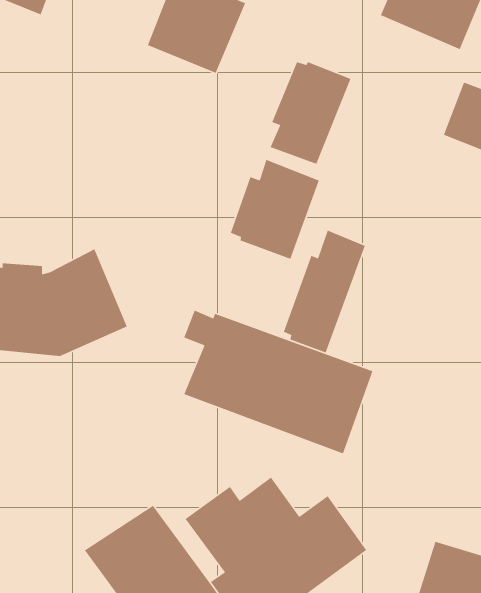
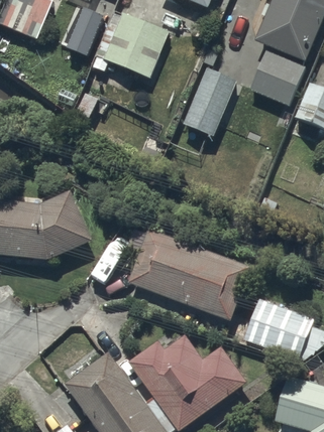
building: none -> [248,49,306,107]
building: [230,159,320,260] -> none
building: [283,229,366,354] -> none
building: none -> [242,299,312,357]

